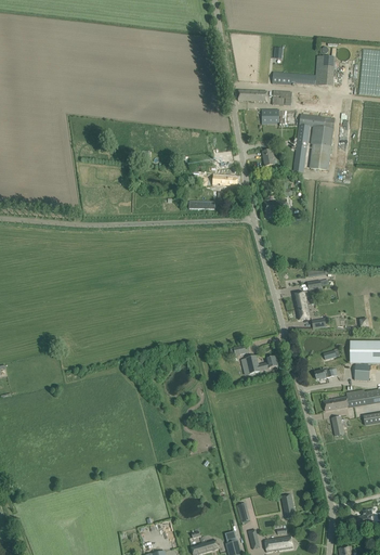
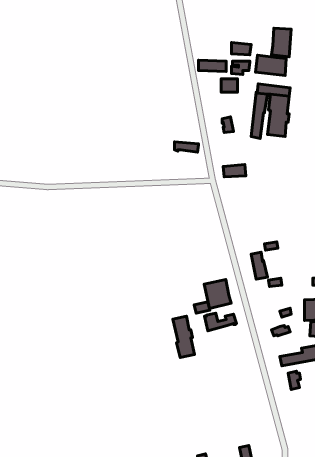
building: none -> [256,55,286,75]
building: none -> [204,280,231,309]
building: none -> [173,316,195,358]

